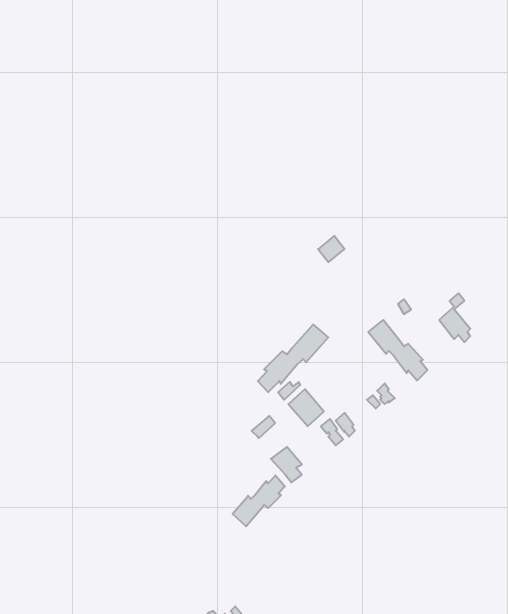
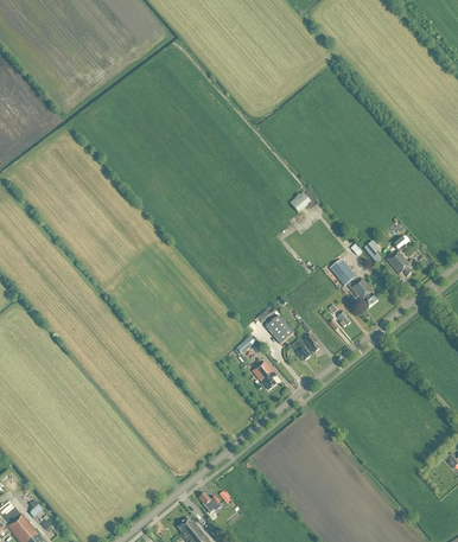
building: [258,325,328,392] -> none
building: [233,475,285,526] -> none

